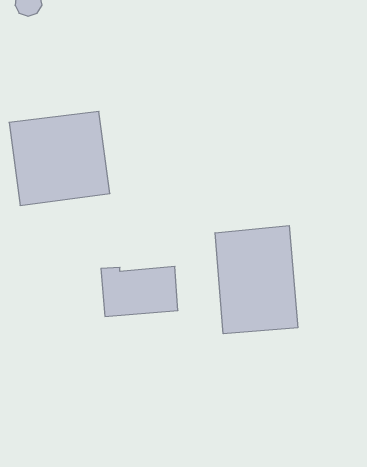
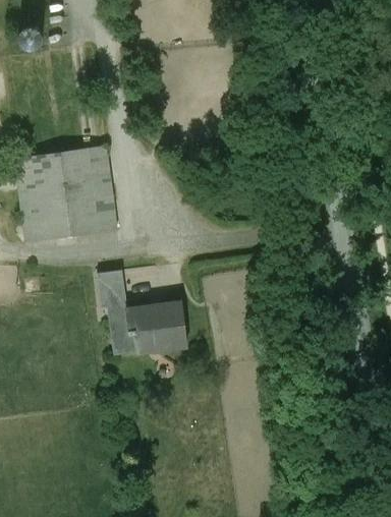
building: [215,226,298,334] -> none
building: none -> [96,269,126,306]

